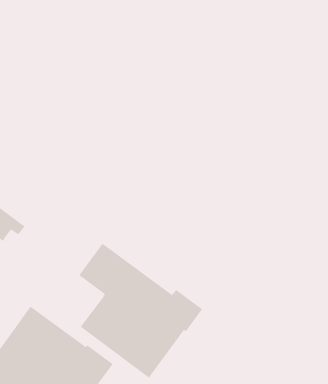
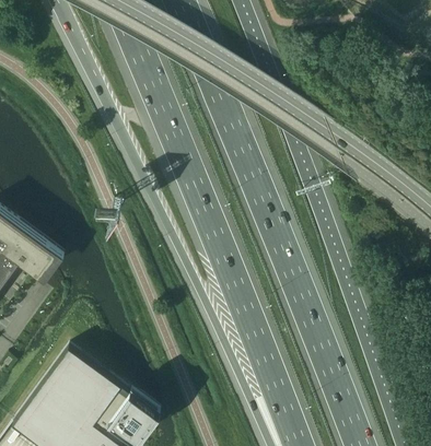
building: [78,243,203,378] -> none

